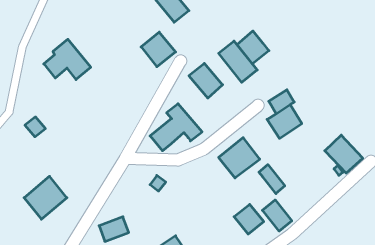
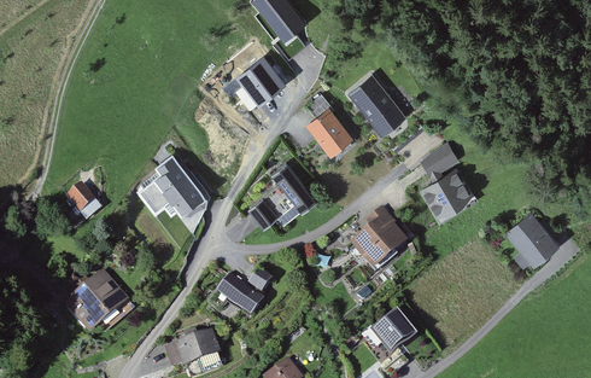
building: [237,31,269,64] -> none
building: [44,39,91,80] -> [140,157,209,216]
building: [259,165,285,194] -> none
building: none -> [215,272,262,315]
building: [262,200,292,231] -> none

